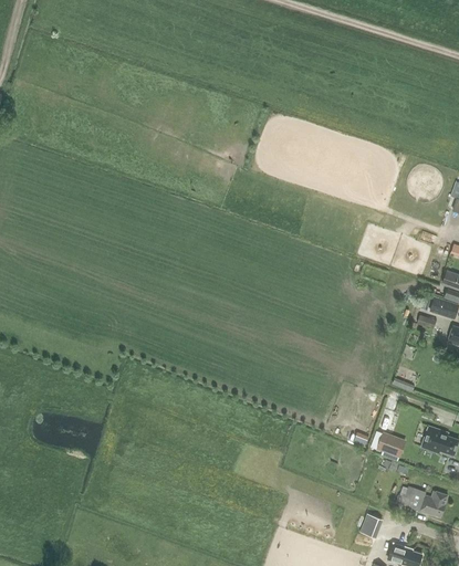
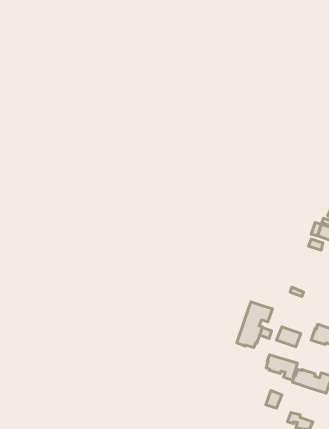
building: none -> [237,302,272,347]
building: none -> [266,355,297,380]

